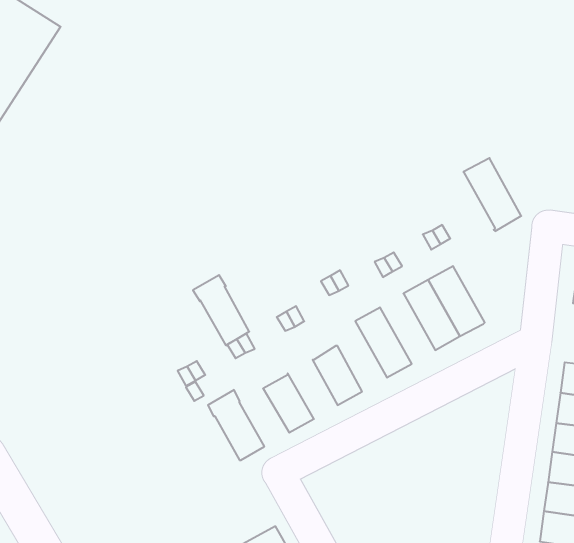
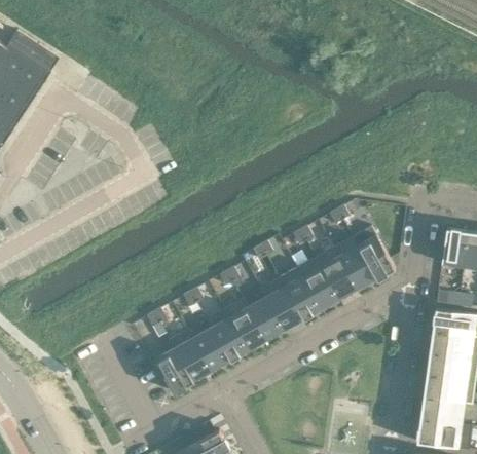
building: [463,158,521,231] -> [352,228,395,282]
building: [193,275,249,345] -> [223,300,265,352]
building: none -> [297,259,338,311]
building: none -> [260,279,302,332]
building: none -> [192,330,229,373]
building: none -> [154,350,193,395]

